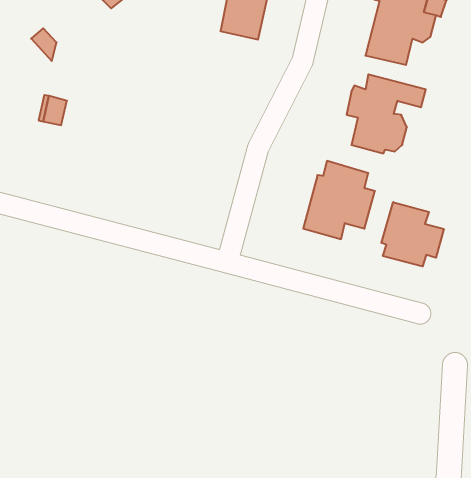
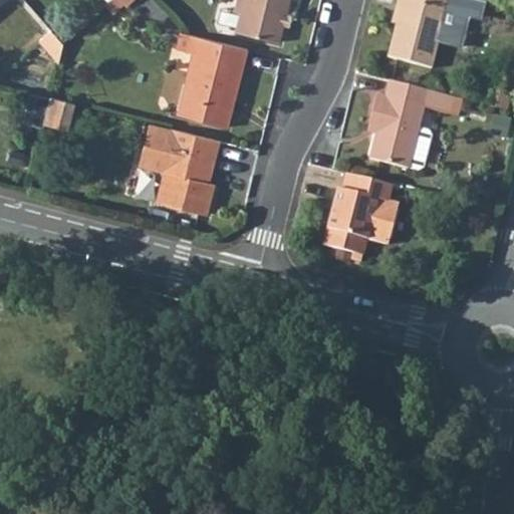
building: none -> [174,35,244,126]
building: none -> [139,124,220,217]
building: [381,202,444,266] -> none

